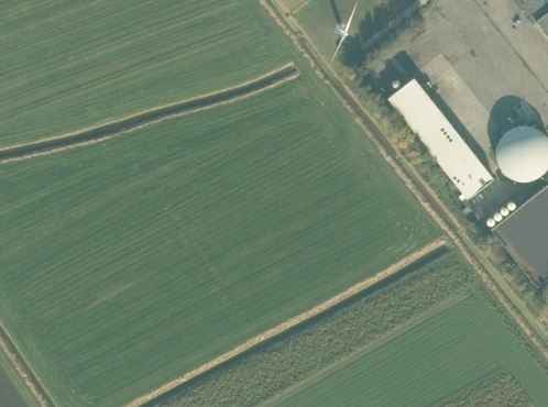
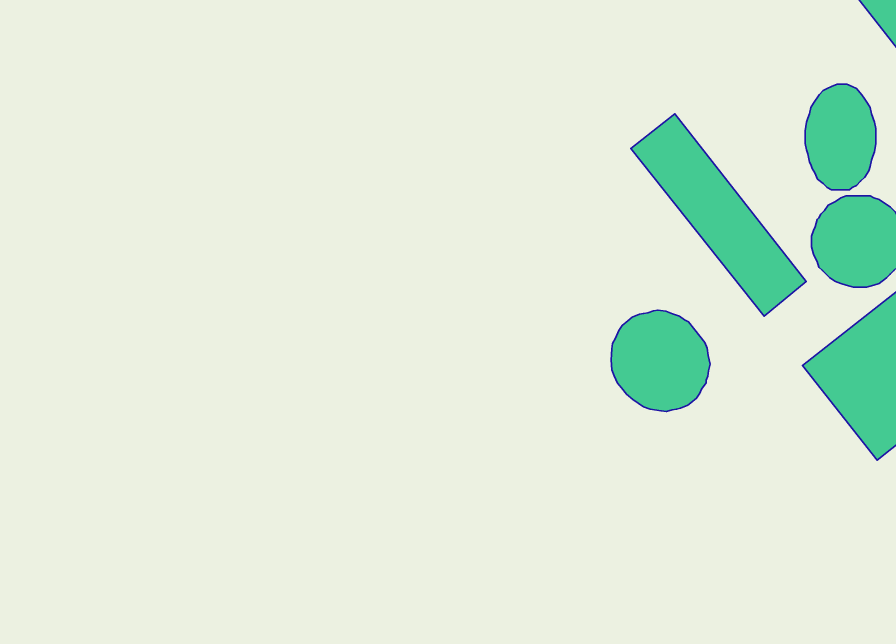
building: none -> [805,84,876,190]
building: none -> [611,310,710,412]

